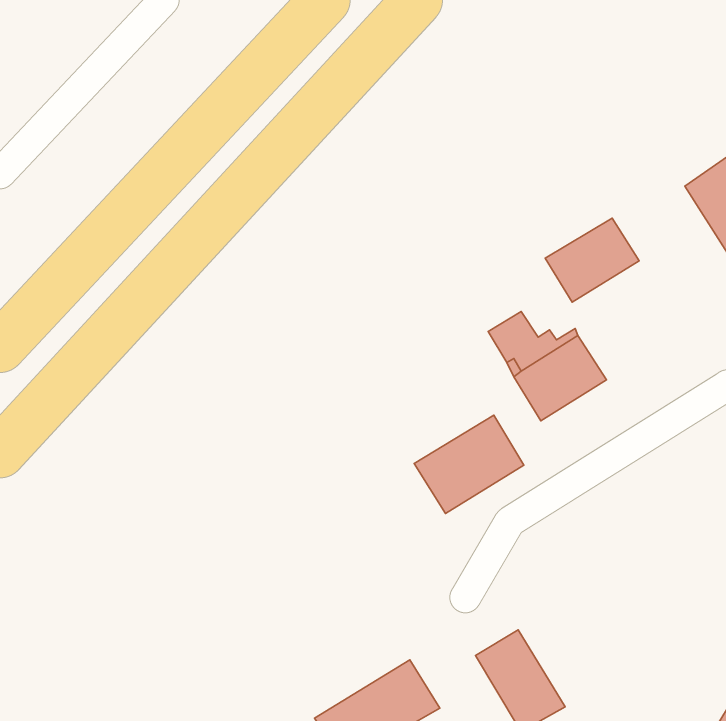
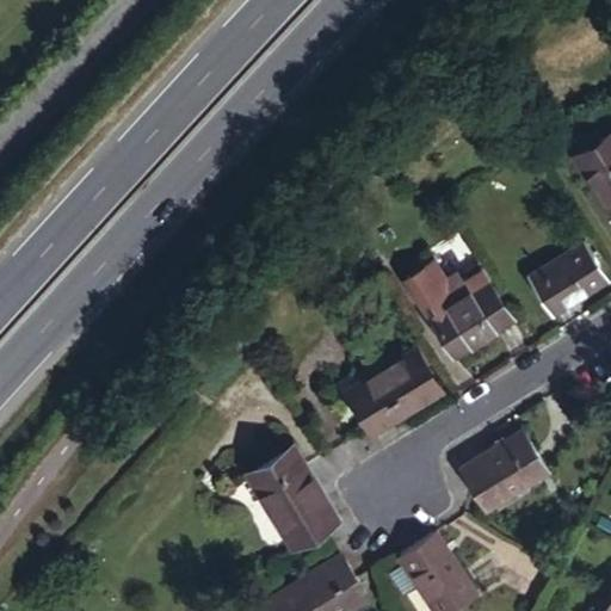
building: [545,218,639,302] -> [526,246,605,316]
building: none -> [464,433,549,511]
building: none -> [249,453,334,548]

